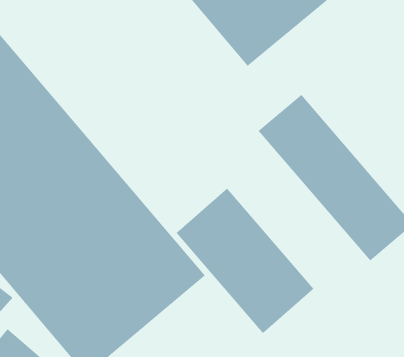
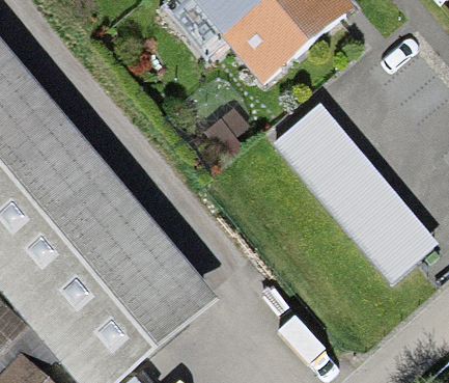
building: [176,188,314,334] -> none

